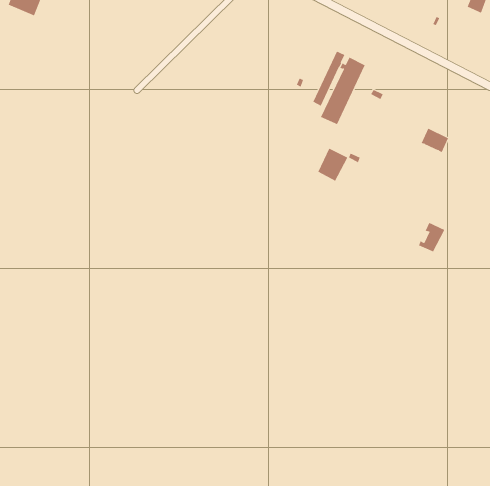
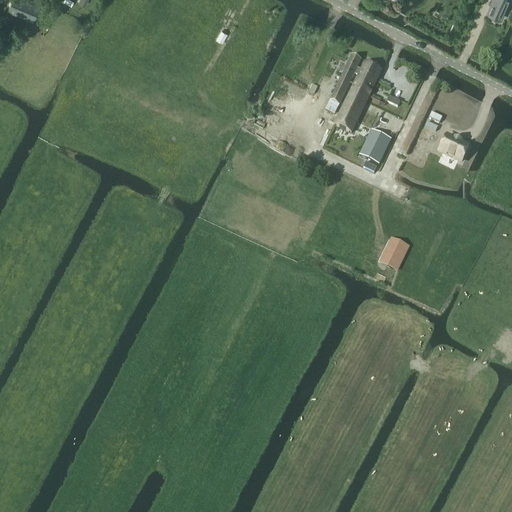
building: [317,148,348,182] -> [359,127,391,162]
building: [418,222,445,252] -> [380,236,408,267]

